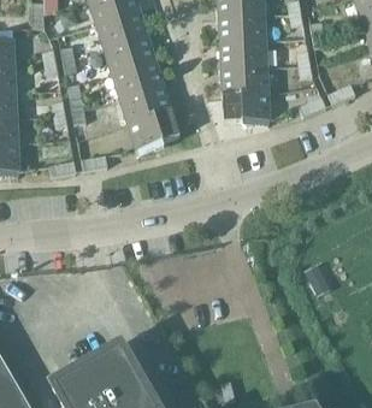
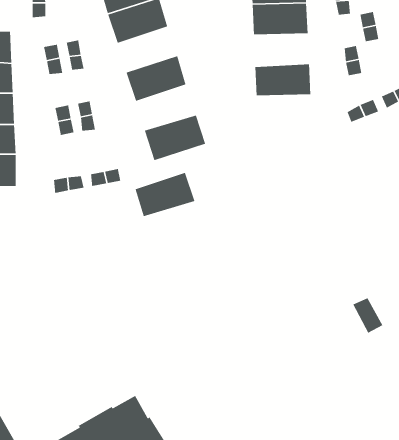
building: [104,34,155,72] -> none
building: [219,40,267,67] -> none
building: [119,83,171,122] -> [135,172,196,217]
building: [222,91,268,120] -> none

